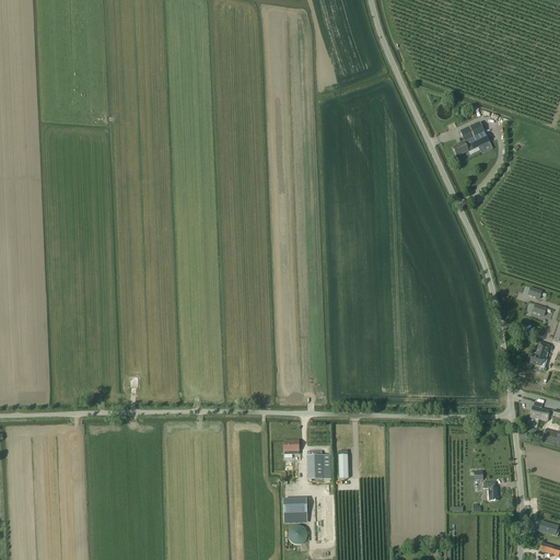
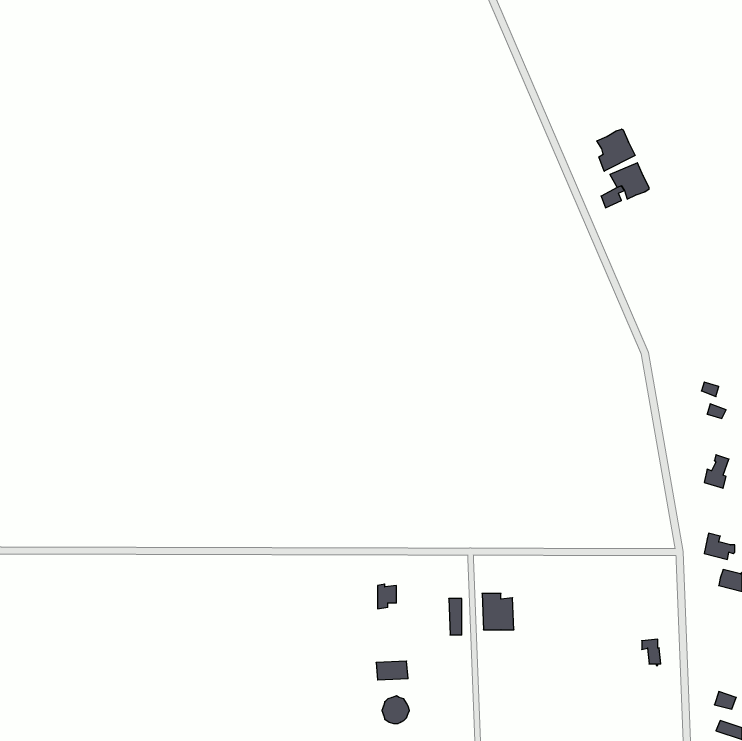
building: none -> [597,129,635,171]
building: [307,452,331,479] -> [482,593,514,630]

